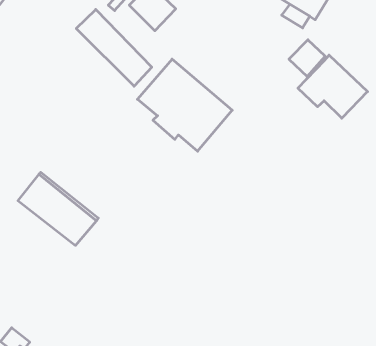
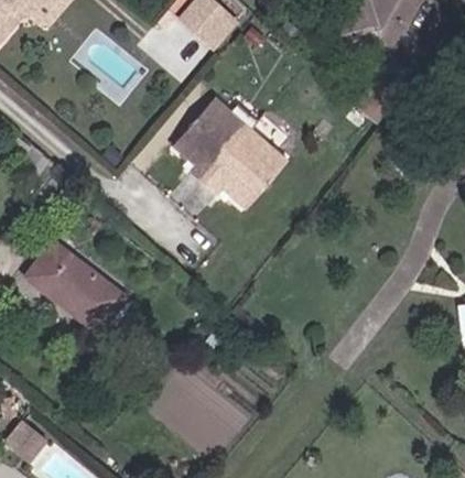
building: [76,9,152,86] -> none
building: [298,55,368,118] -> none

